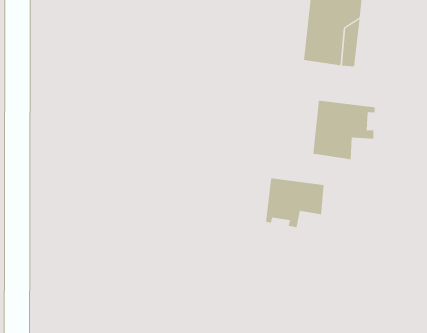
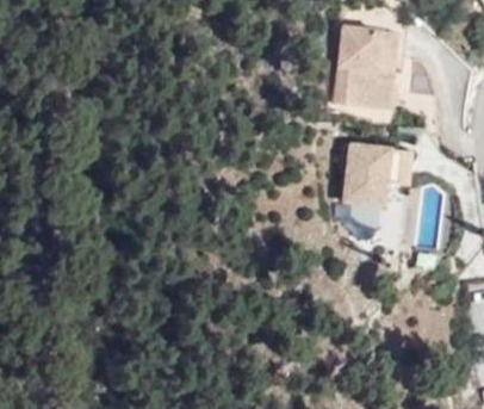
building: [265,178,324,228] -> none

